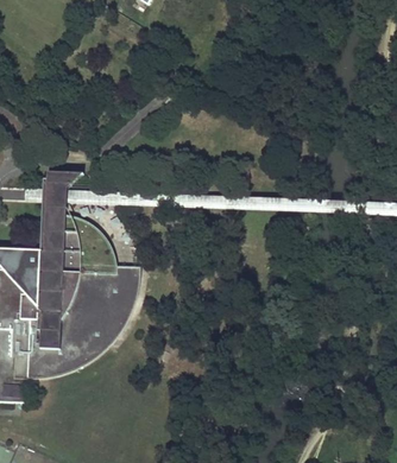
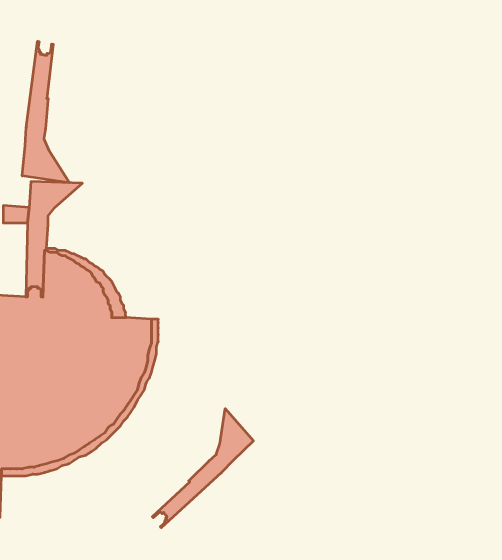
building: none -> [22,41,70,183]
building: none -> [152,409,253,528]

